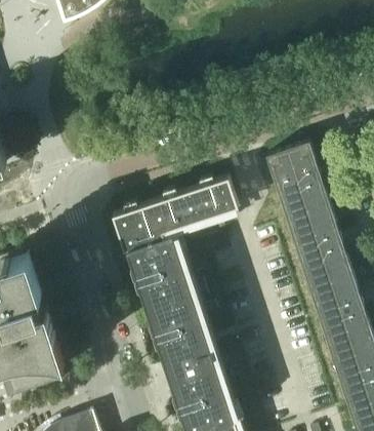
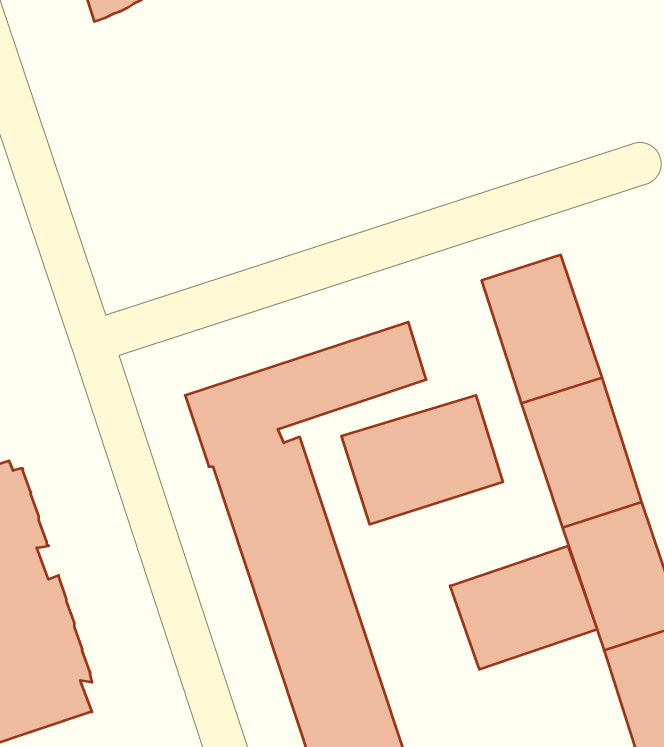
building: none -> [342,395,503,524]
building: none -> [450,546,597,669]

